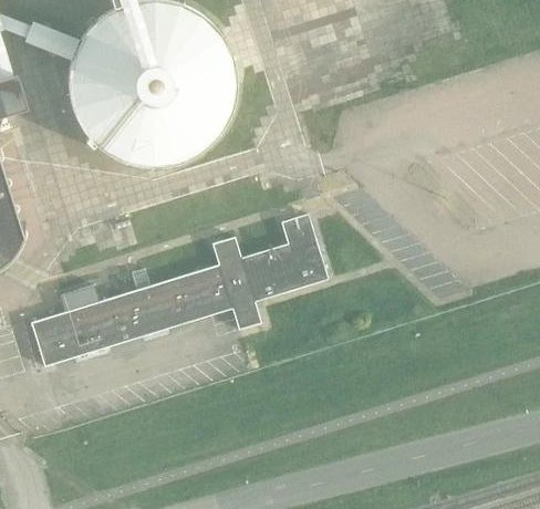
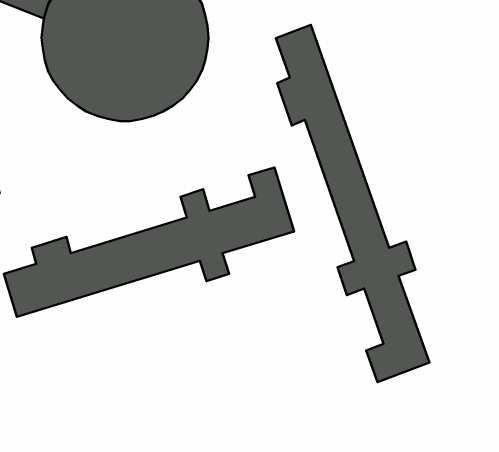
building: none -> [276,25,429,382]

